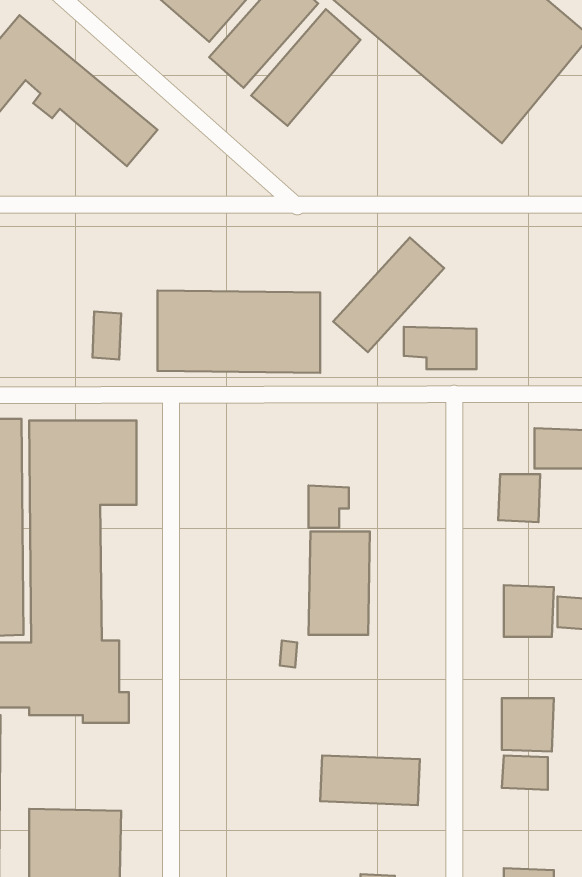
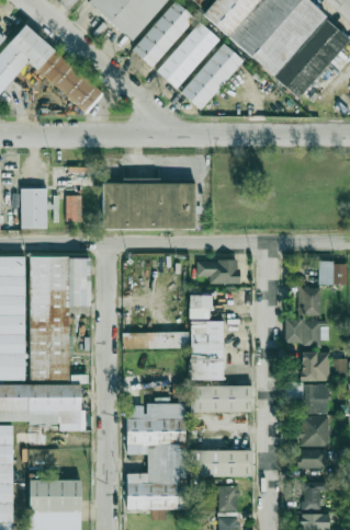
building: [333,237,444,352] -> [181,44,245,110]
building: none -> [22,188,48,229]
building: [404,327,476,369] -> [197,260,239,284]
building: none -> [285,320,324,345]
building: none -> [124,332,189,349]
building: none -> [304,383,329,414]
building: none -> [191,385,253,413]
building: none -> [127,403,187,509]
building: none -> [302,482,327,509]
building: none -> [218,486,239,511]

